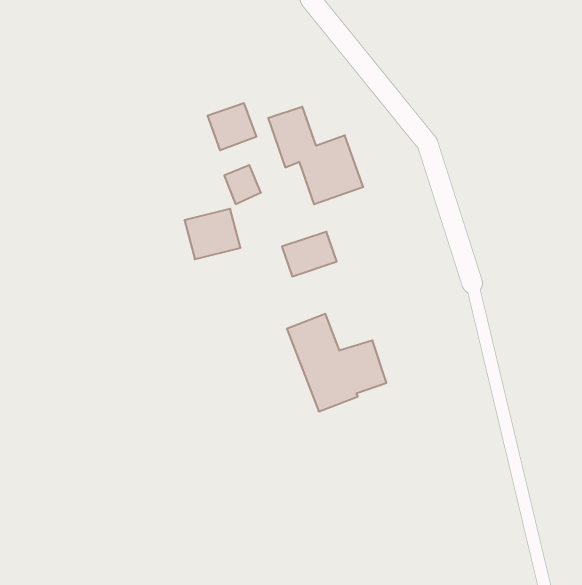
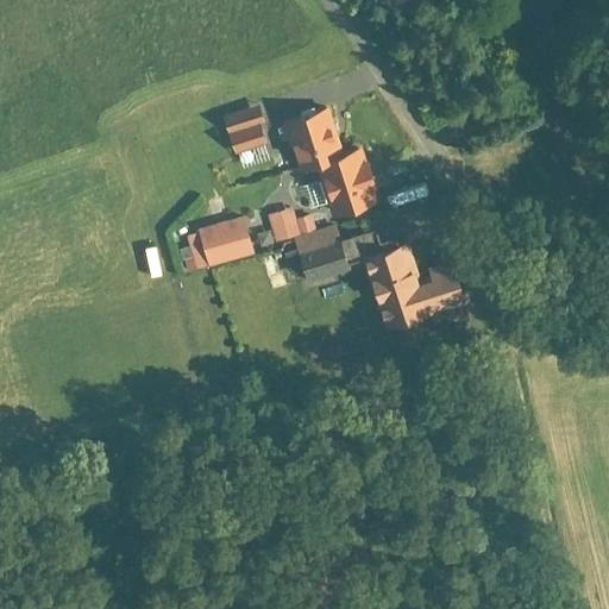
building: [224,165,261,204] -> [266,206,304,246]
building: [287,314,386,411] -> [360,227,464,328]

